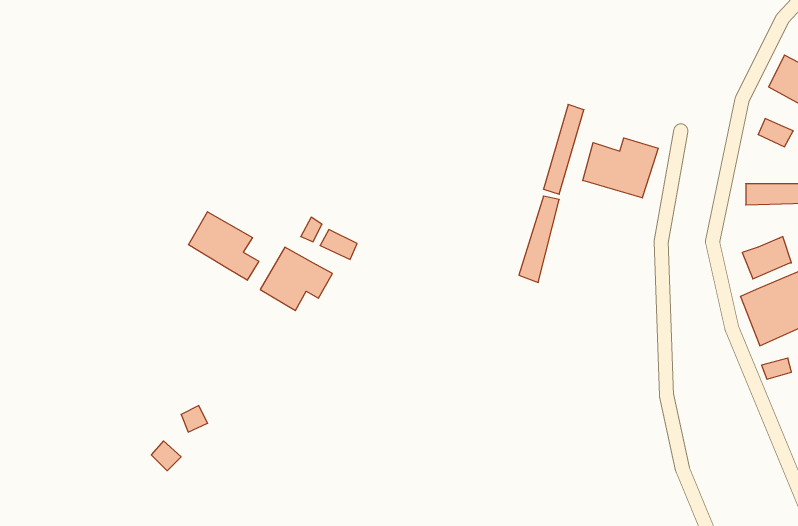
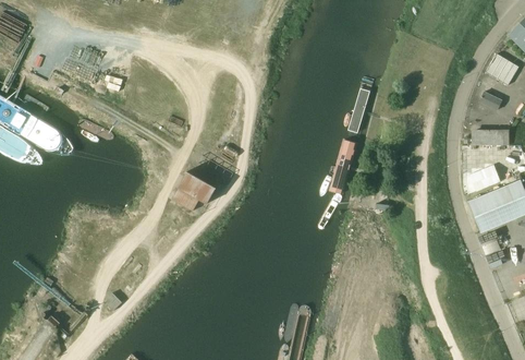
building: [583,138,658,198] -> none
building: [188,212,259,280] -> none

